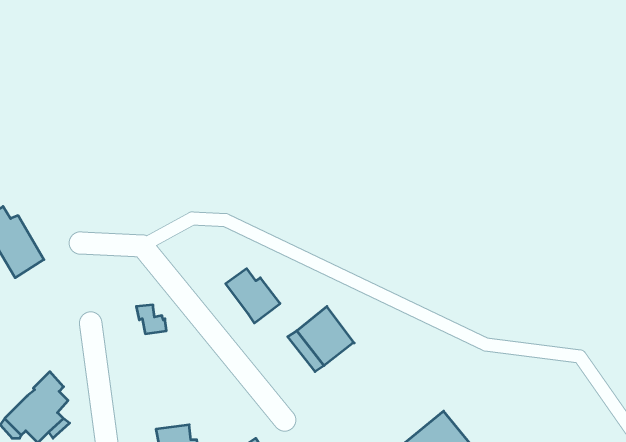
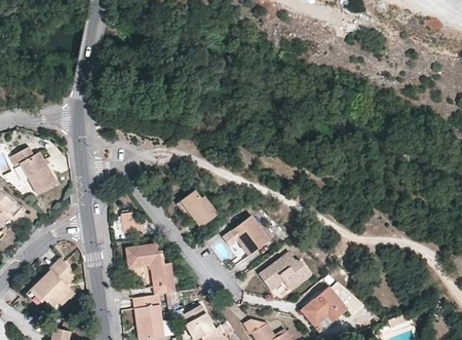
building: none -> [126,244,175,295]
building: none -> [258,251,310,290]

